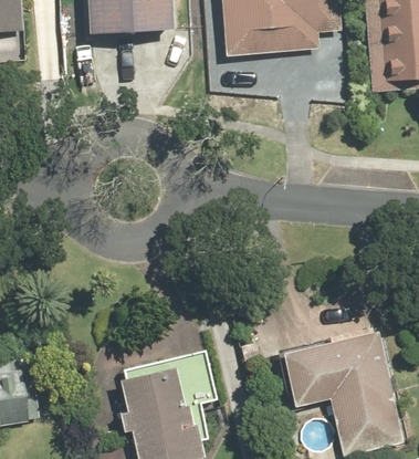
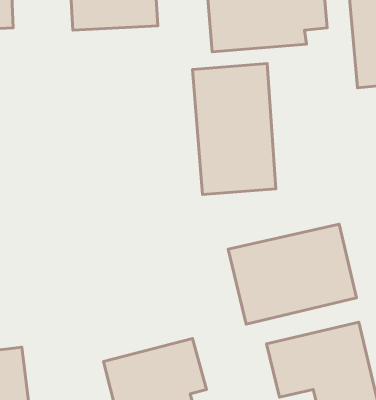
building: none -> [193,63,276,195]
building: none -> [228,224,357,324]

